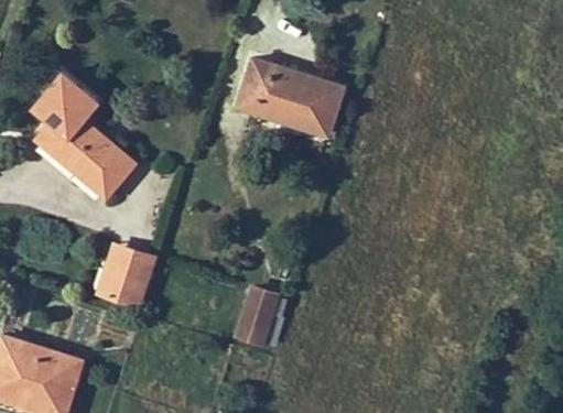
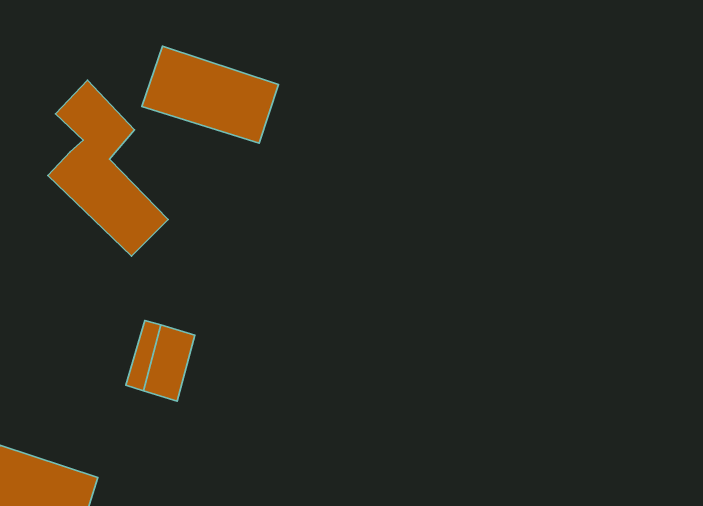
building: [230,61,333,133] -> [142,46,278,143]
building: [236,291,279,346] -> none

